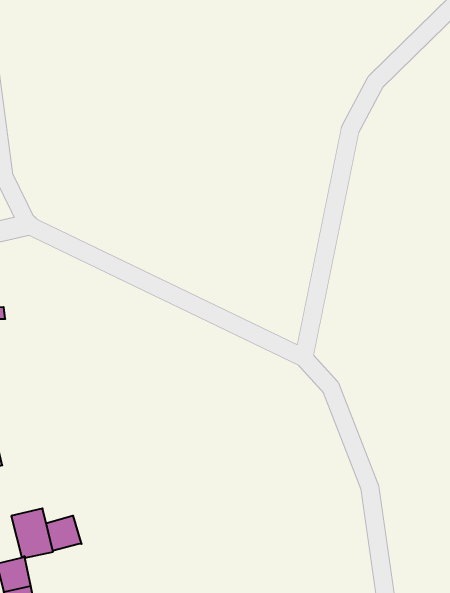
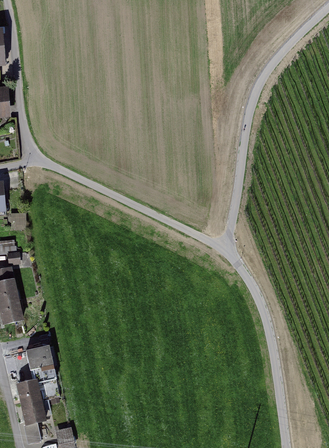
building: [46,516,82,551] -> none

